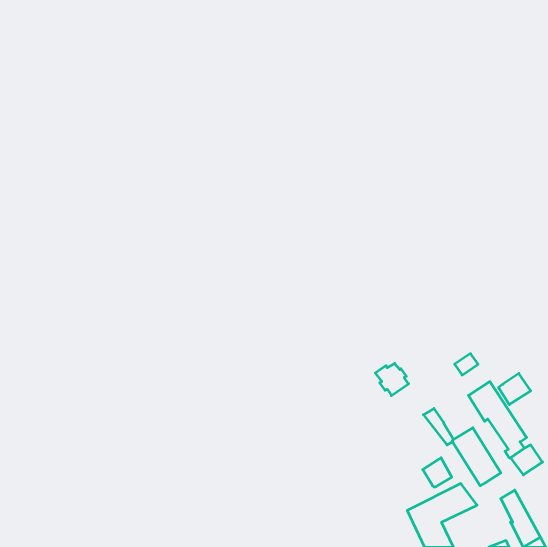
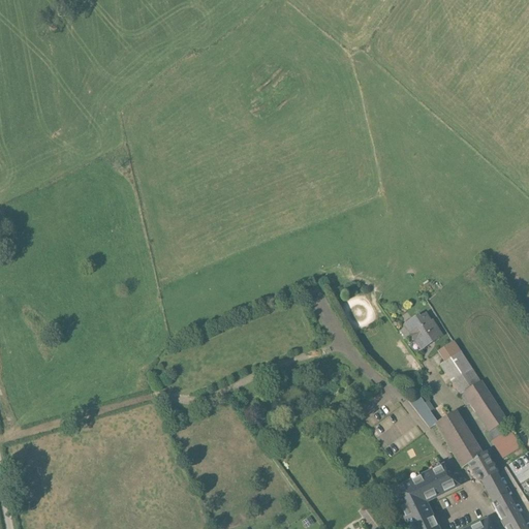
building: [375,363,409,396] -> [408,314,440,345]
building: [499,373,531,405] -> [441,350,472,380]
building: [423,458,452,487] -> [468,453,496,480]

